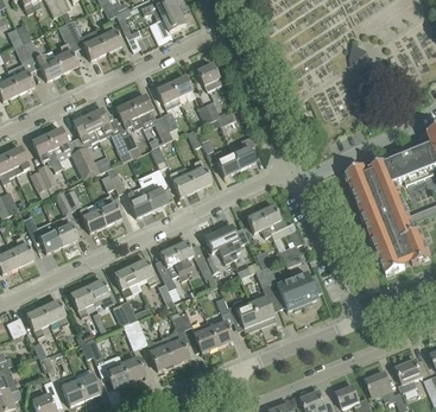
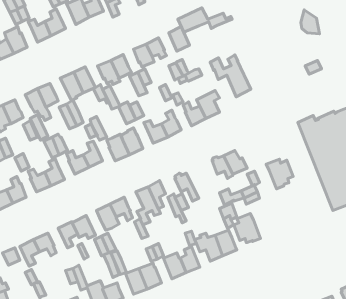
building: none -> [178,8,232,32]
building: none -> [210,55,251,97]
building: [217,222,248,259] -> none
building: [291,271,322,305] -> [266,159,293,189]

